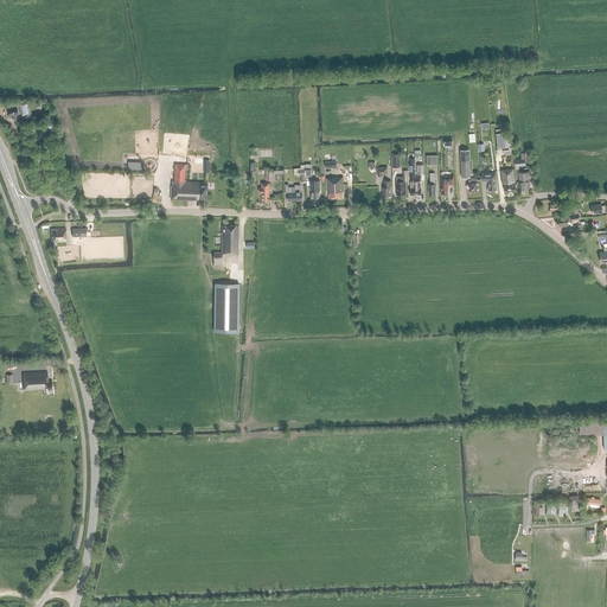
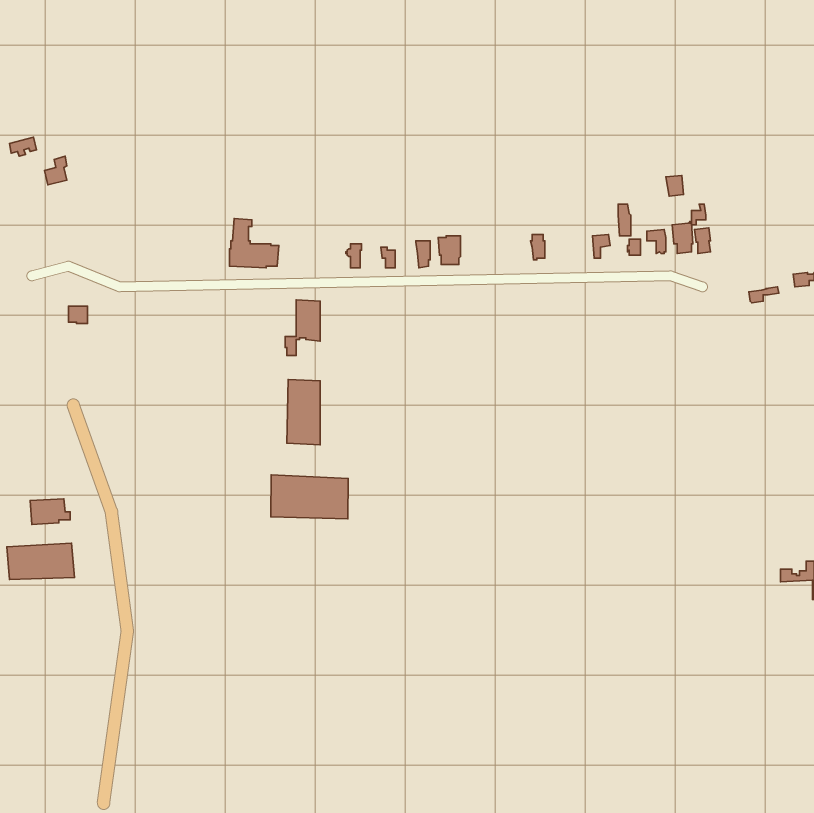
building: none -> [271,475,348,519]
building: none -> [7,543,74,580]

